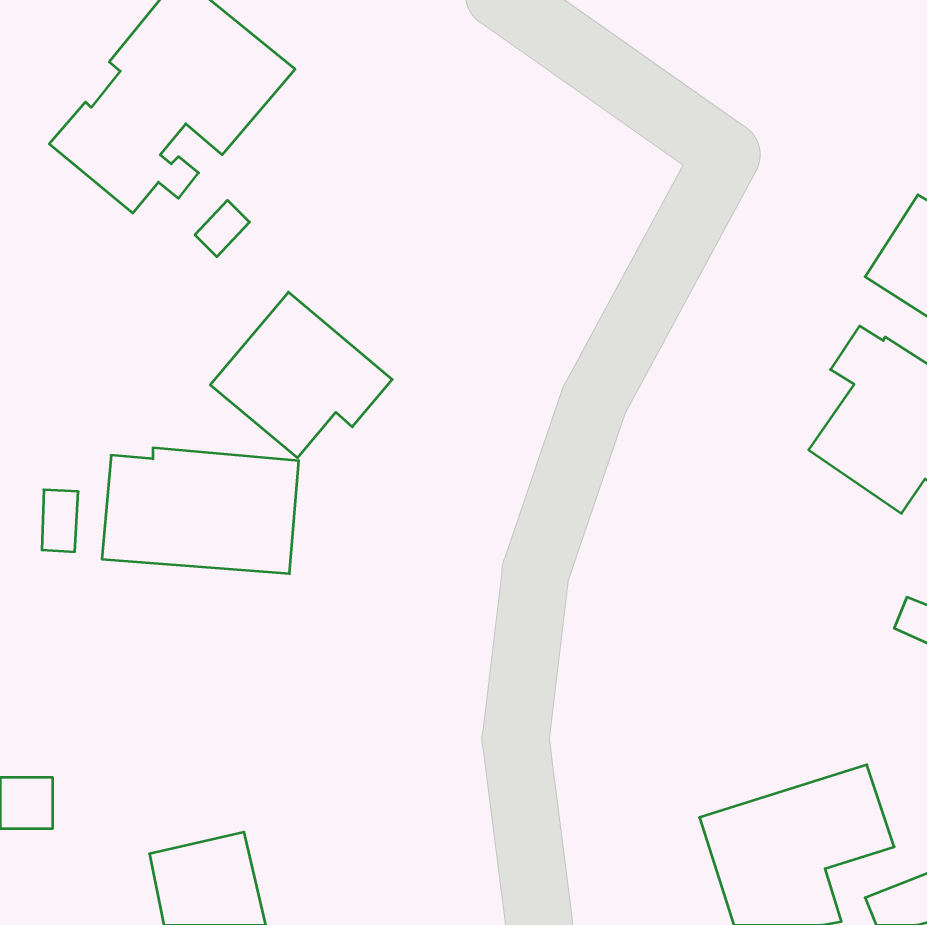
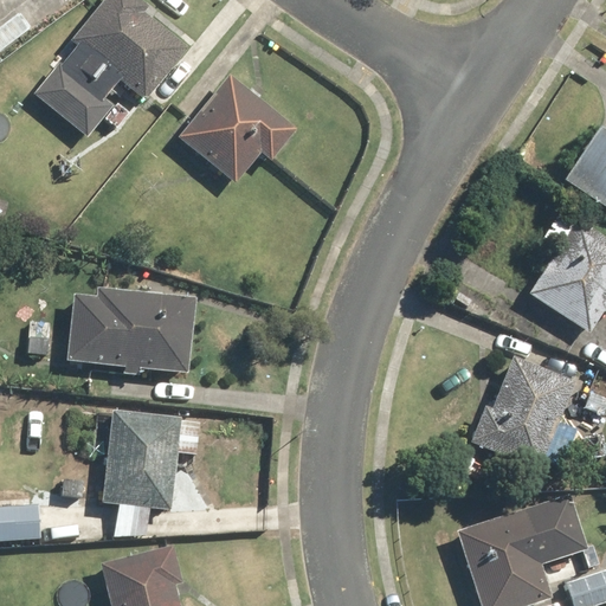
building: [210,292,392,458] -> [180,76,298,183]
building: none -> [472,359,573,464]
building: none -> [103,410,200,536]

